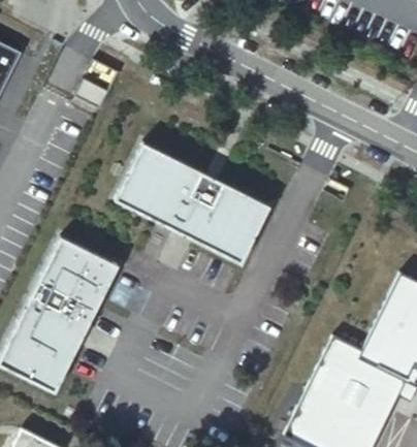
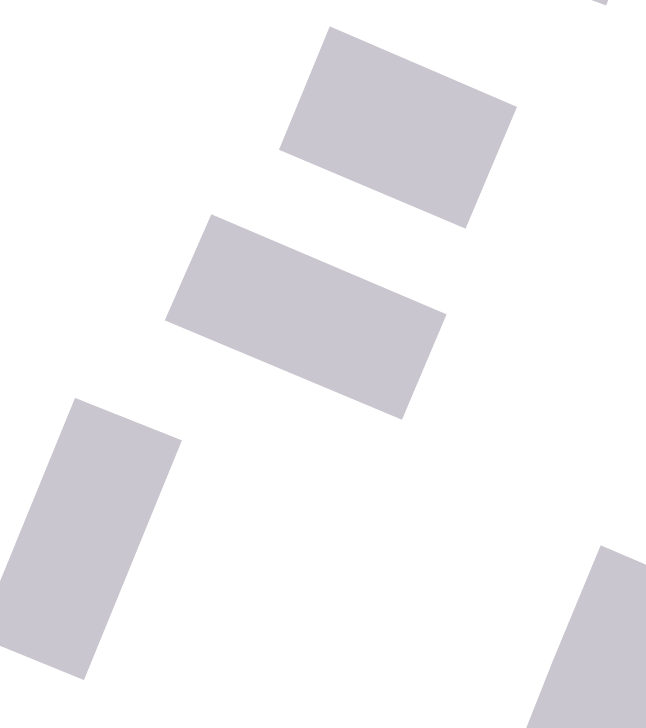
building: none -> [278,26,518,230]

